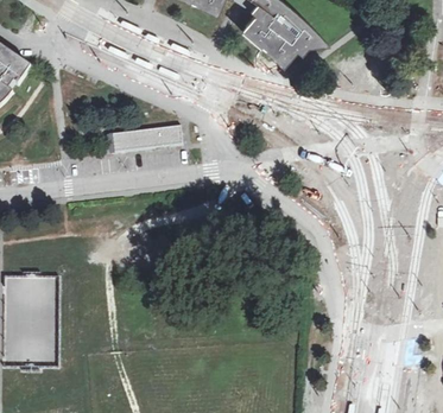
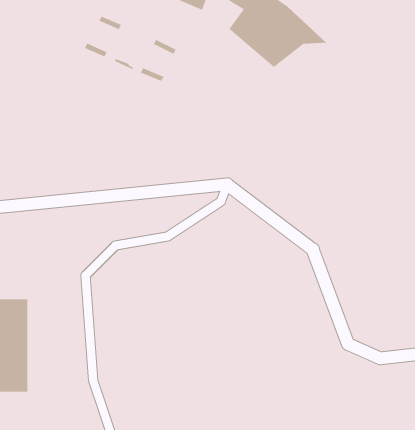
building: [112,126,182,152] -> none

